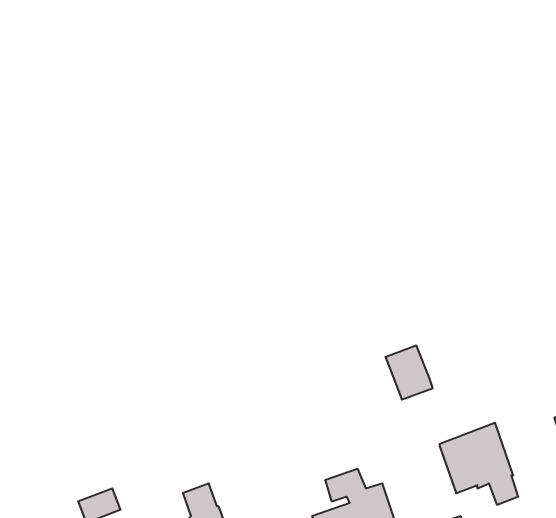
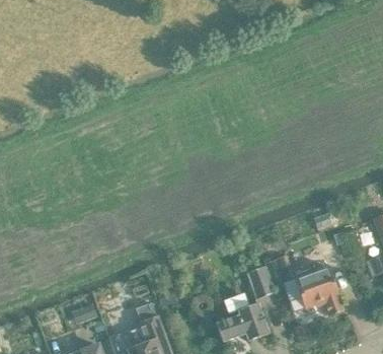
building: [385,346,433,400] -> [245,265,275,298]

